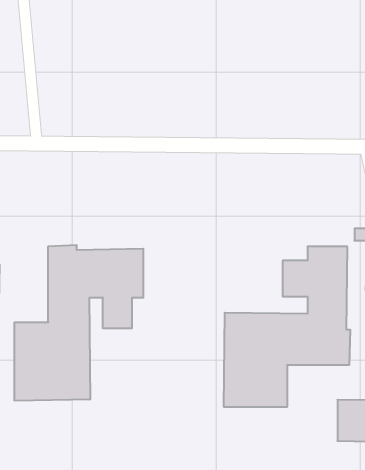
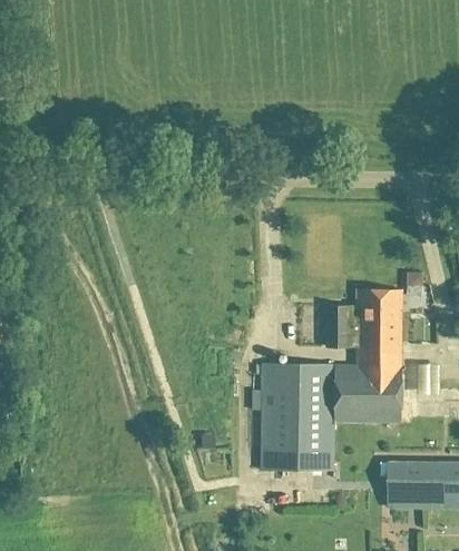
building: [15,245,143,401] -> none

